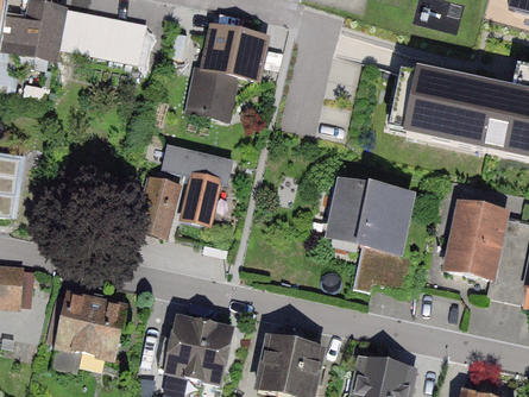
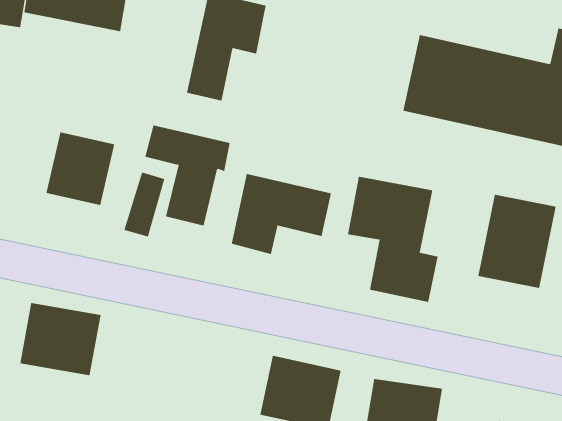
building: none -> [46,132,115,206]
building: none -> [231,173,332,255]
building: [162,314,235,379] -> none

